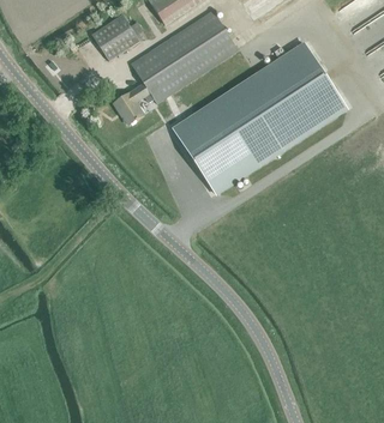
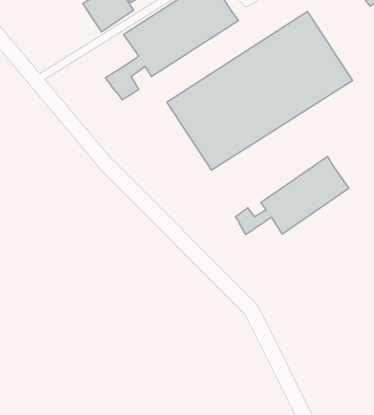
building: none -> [236,157,349,235]

